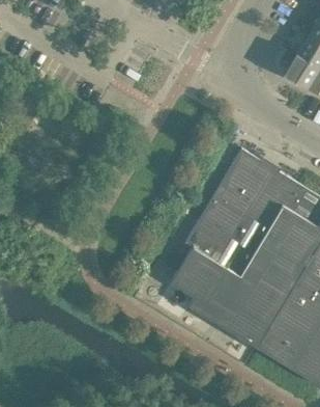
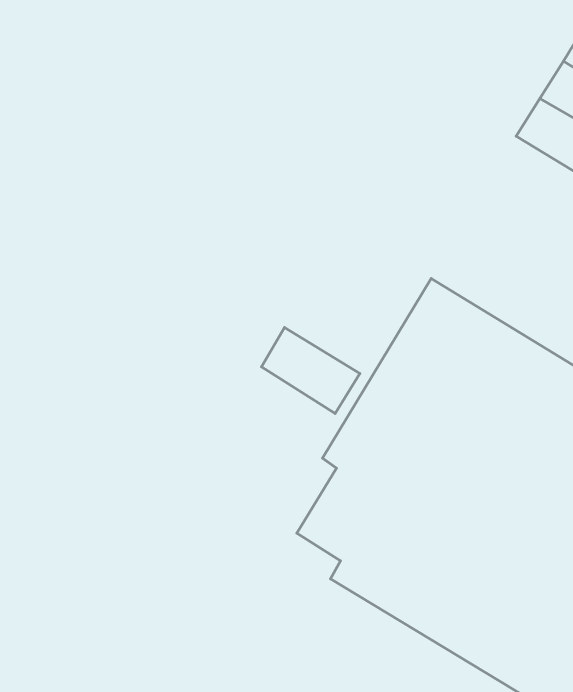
building: none -> [262,327,360,414]

